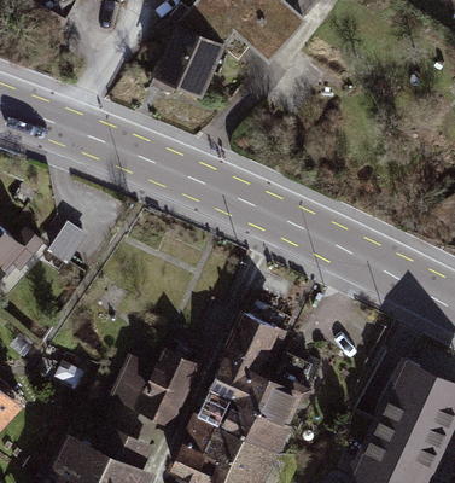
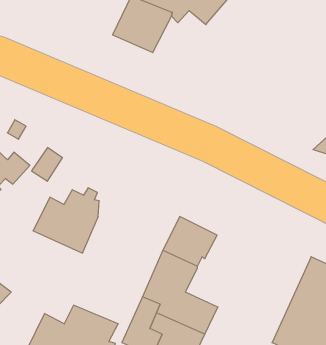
building: [111,345,197,430] -> [33,188,99,253]
building: [245,353,308,427] -> none

